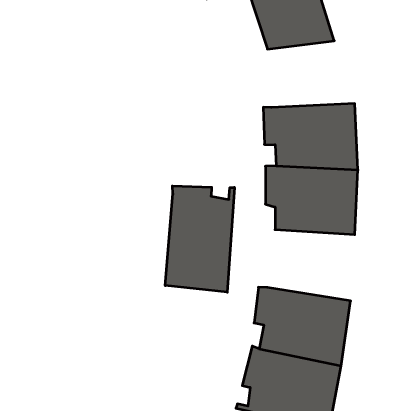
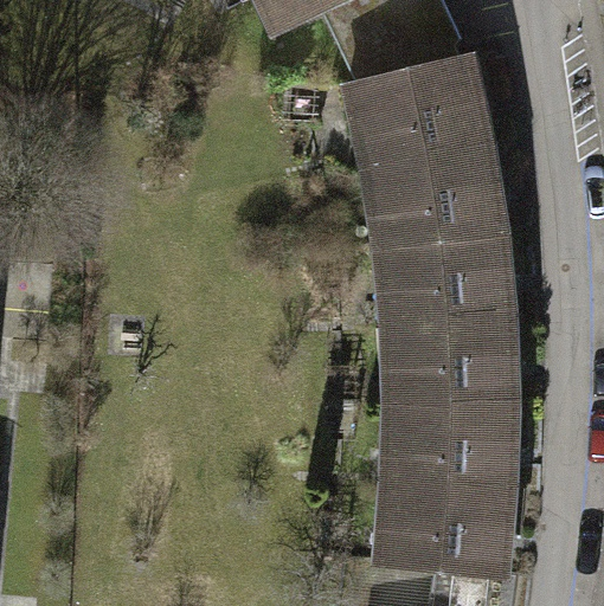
building: none -> [354,62,487,163]
building: [165,186,234,292] -> none
building: none -> [387,317,512,405]

